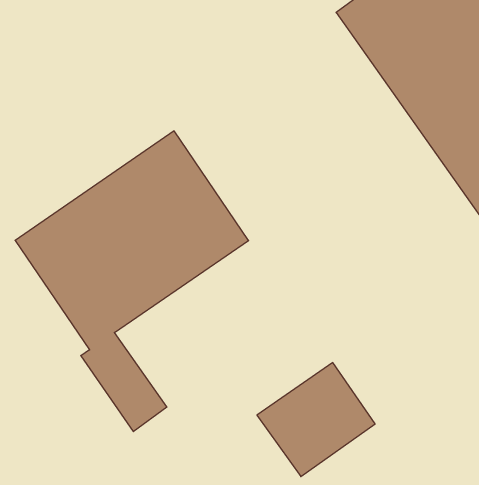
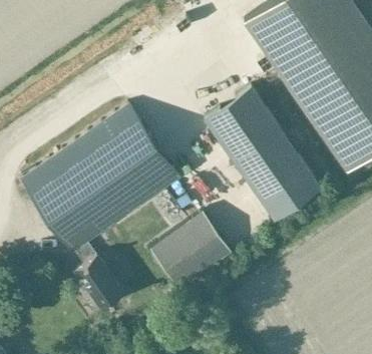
building: none -> [204,86,322,222]
building: [257,363,375,477] -> [150,211,232,289]

